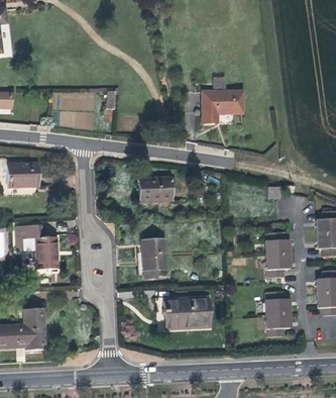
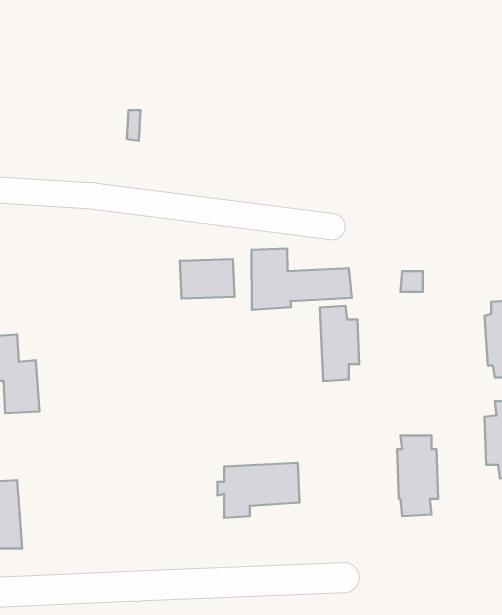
building: [203,90,243,122] -> none
building: none -> [251,249,352,310]
building: [267,222,291,267] -> [320,306,359,381]
building: [140,240,163,280] -> none

